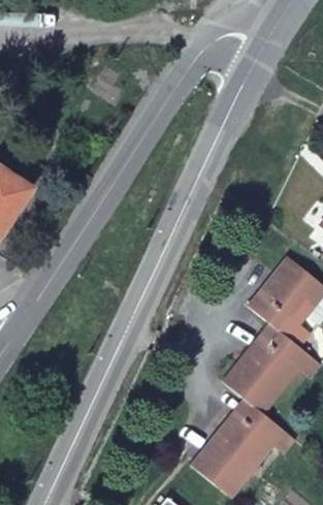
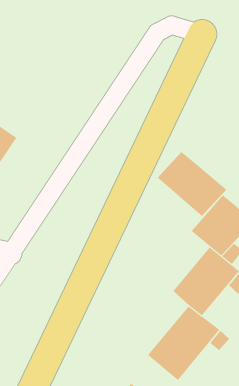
building: none -> [157,151,227,217]

